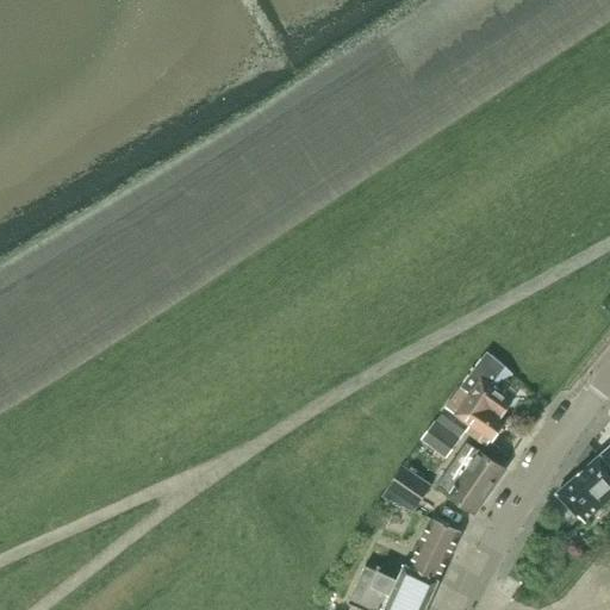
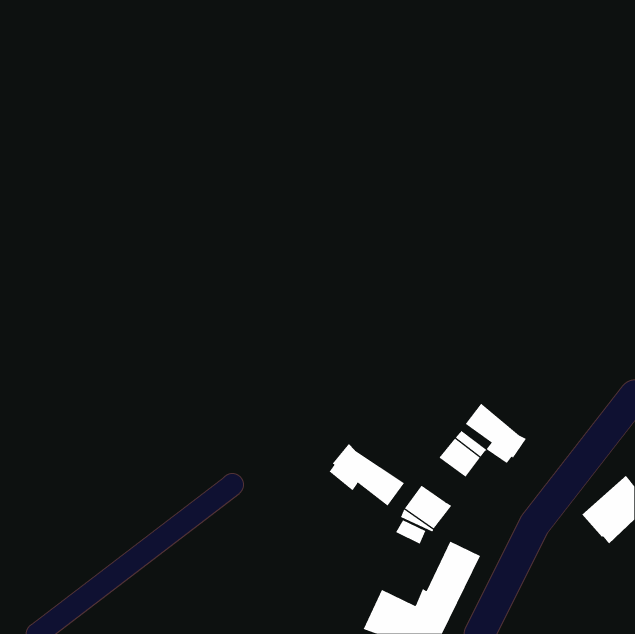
building: [461,351,511,417] -> none
building: none -> [329,443,405,507]
building: [437,442,504,511] -> none

